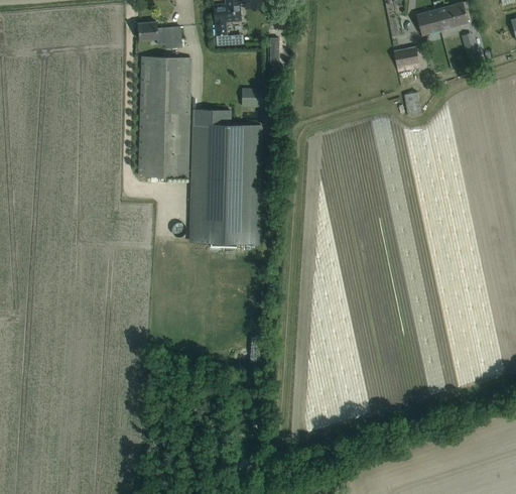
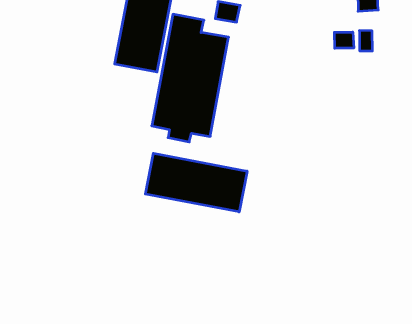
building: none -> [334,32,354,48]
building: none -> [145,153,247,212]

